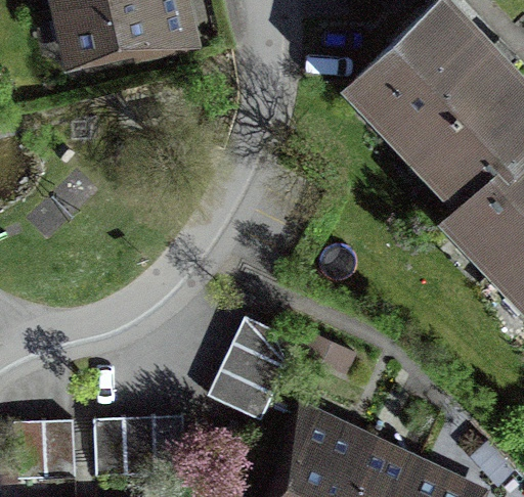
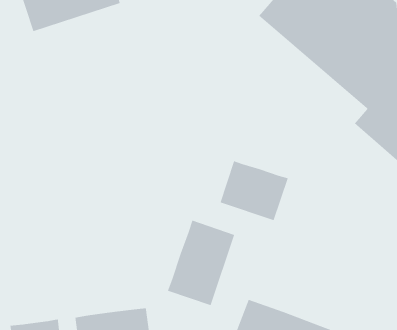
building: none -> [219,160,289,221]

